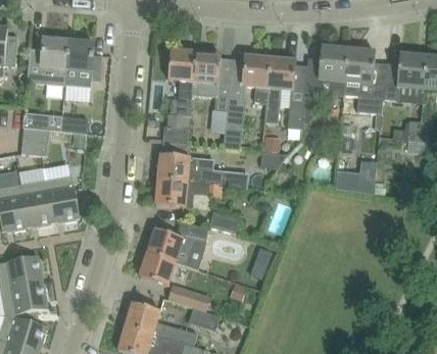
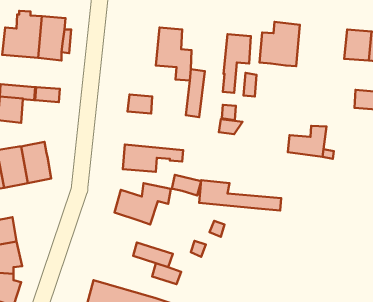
building: [344,49,386,113] -> none
building: [168,50,196,116] -> none
building: [242,53,270,102] -> none
building: [158,154,247,187] -> [199,180,281,210]
building: [139,252,175,286] -> none
building: [125,303,196,345] -> none

